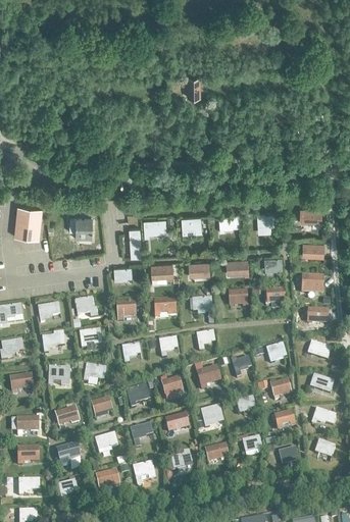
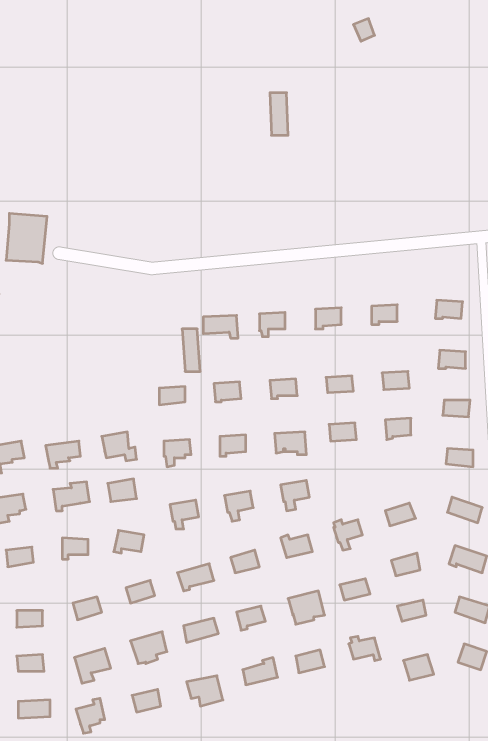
building: [16,204,44,238] -> [6,213,47,263]
building: [70,218,95,238] -> none

